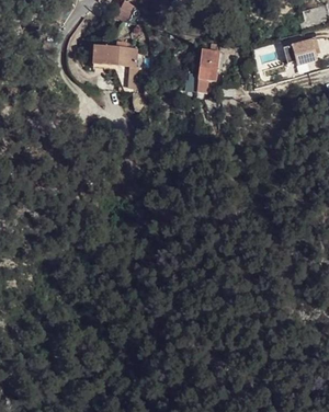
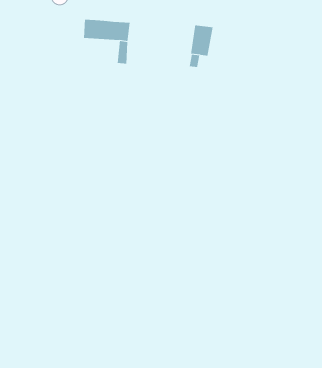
building: [286,39,320,66] -> none

